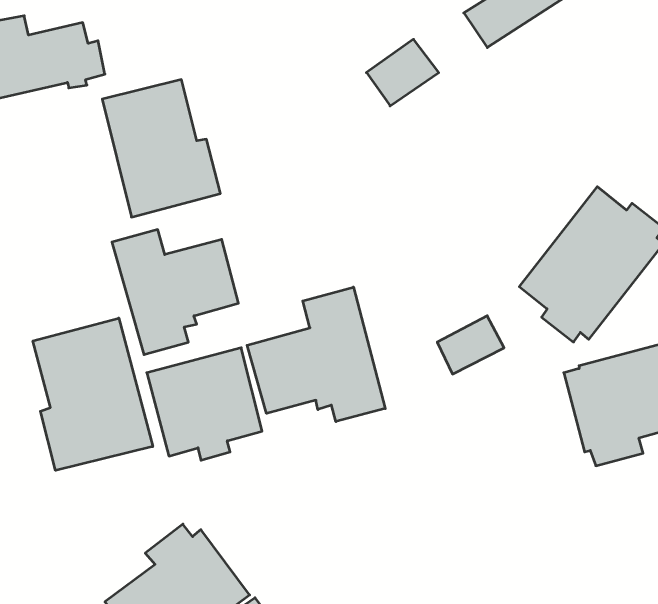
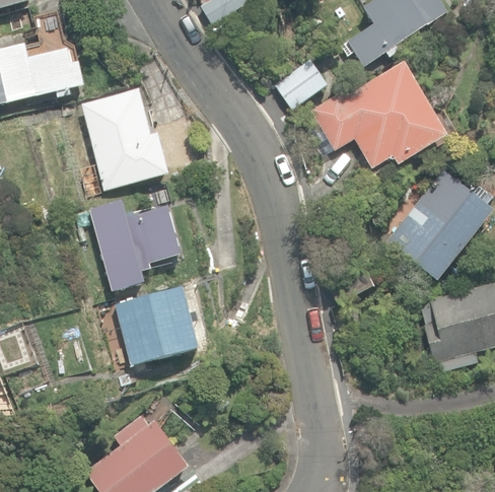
building: none -> [310,62,446,167]
building: [247,287,385,422] -> none
building: [33,318,153,470] -> none

